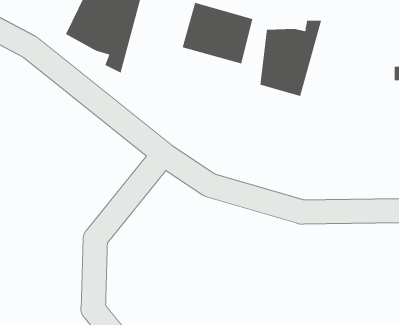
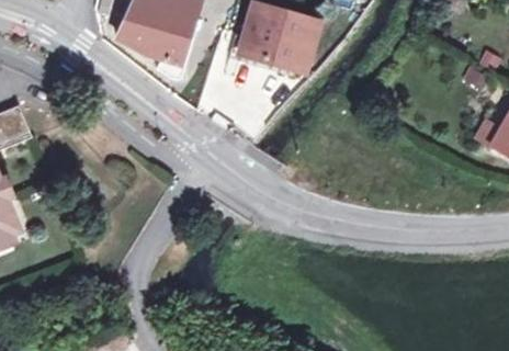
building: [260,20,322,97] -> none

